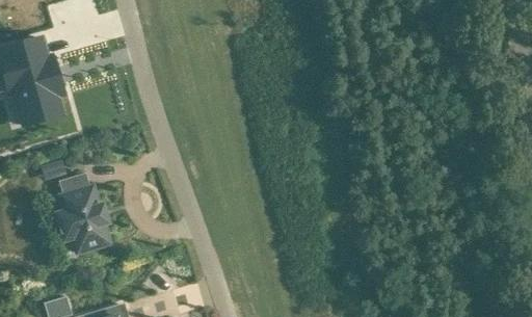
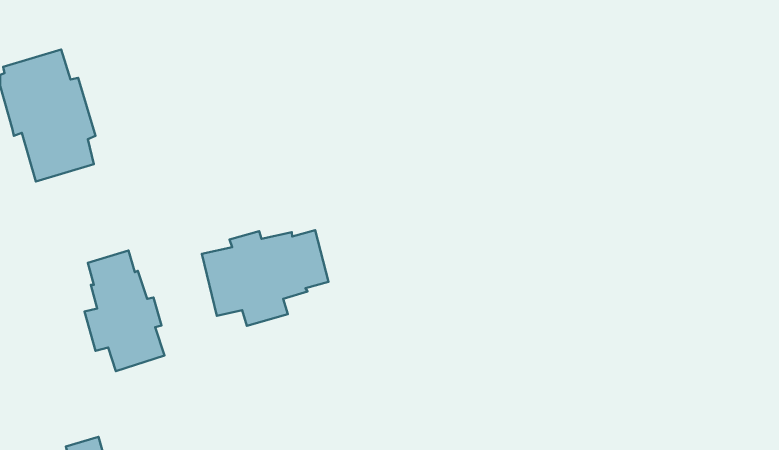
building: none -> [202,230,329,326]

